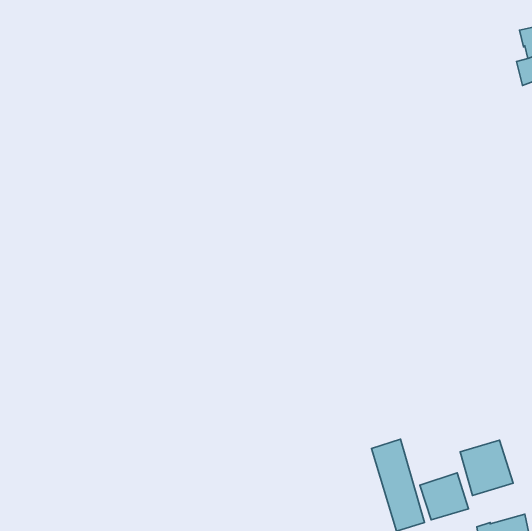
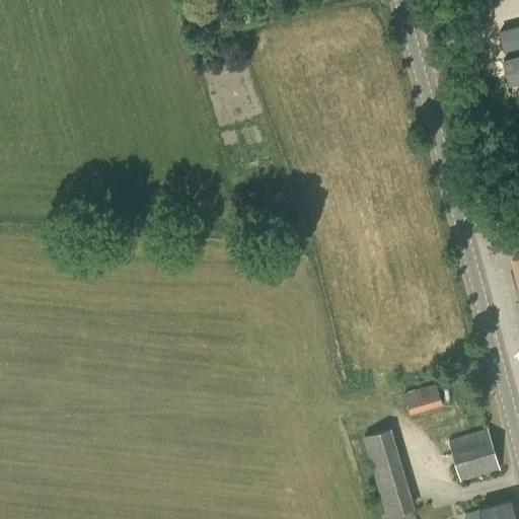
building: none -> [403,385,443,416]
building: [420,473,468,520] -> none

